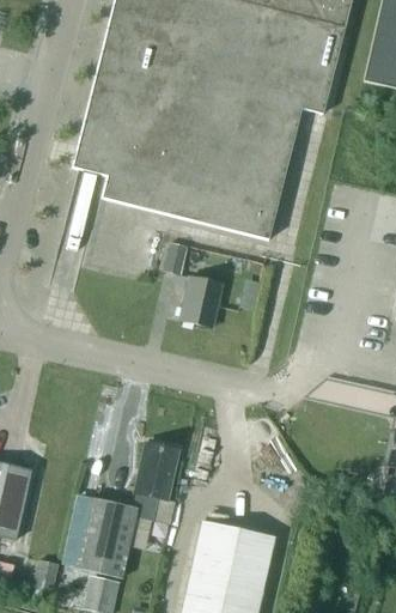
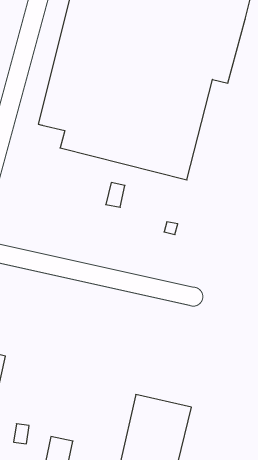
building: [179,277,221,327] -> none
building: [74,443,177,577] -> none

